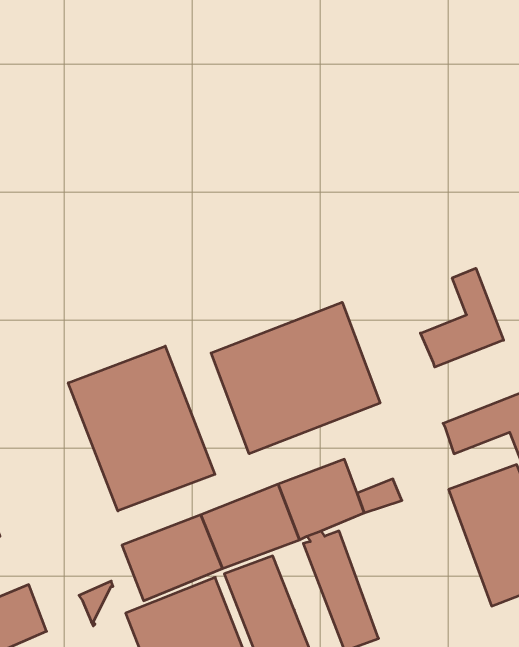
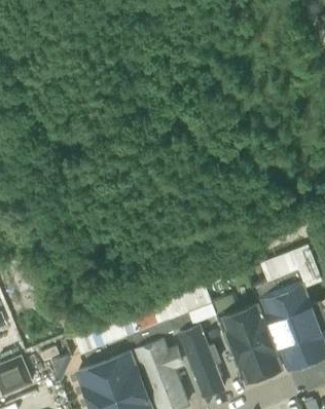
building: [420,268,504,367] -> none
building: [211,302,380,454] -> none
building: [68,346,215,511] -> none
building: none -> [218,306,275,382]

